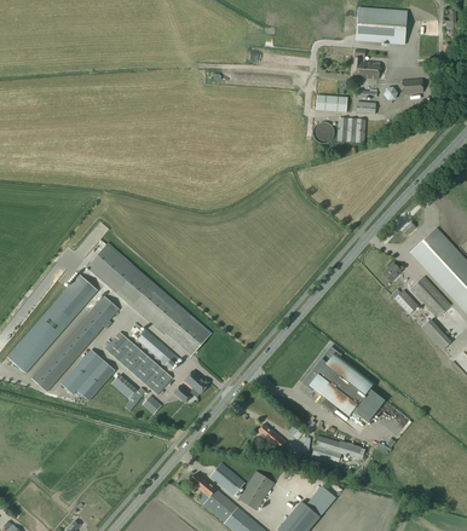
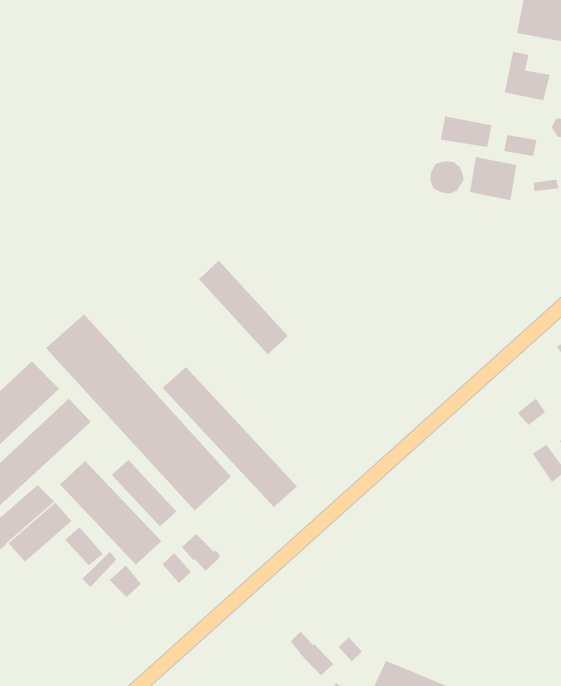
building: none -> [198,260,288,355]
building: none -> [161,366,298,508]
building: [302,347,385,422] -> none

